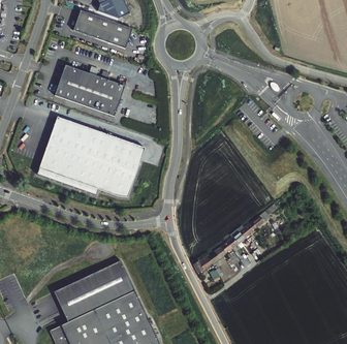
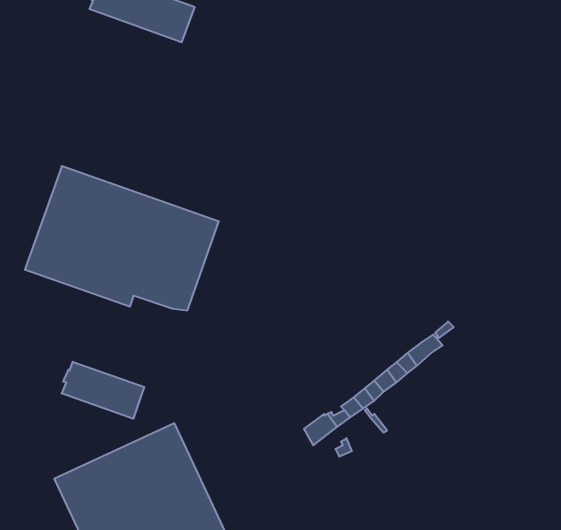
building: [55,65,125,116] -> none
building: none -> [62,362,144,419]

